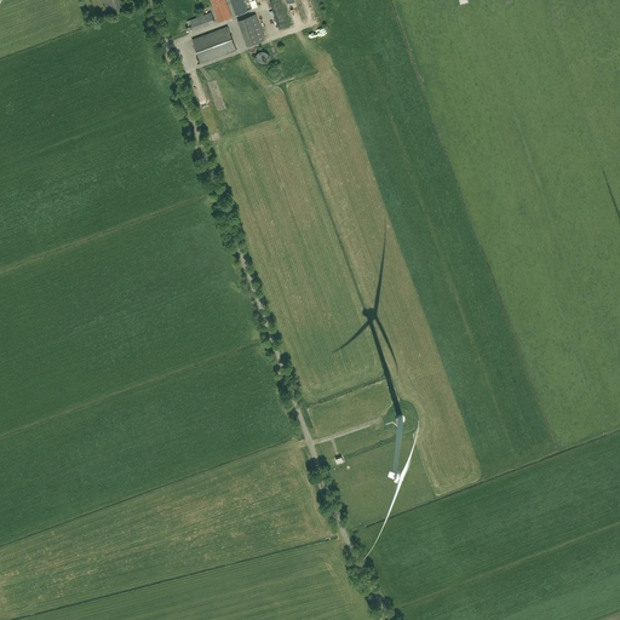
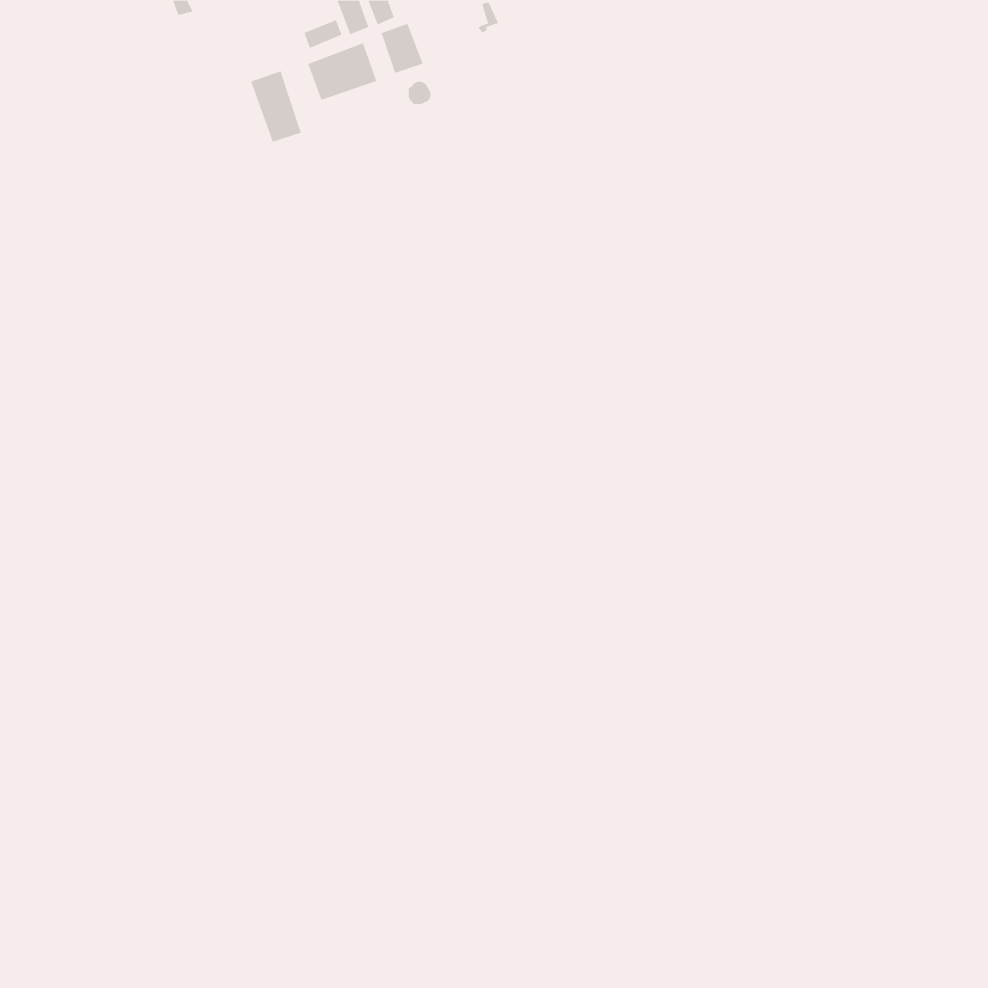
building: none -> [251,71,301,143]

